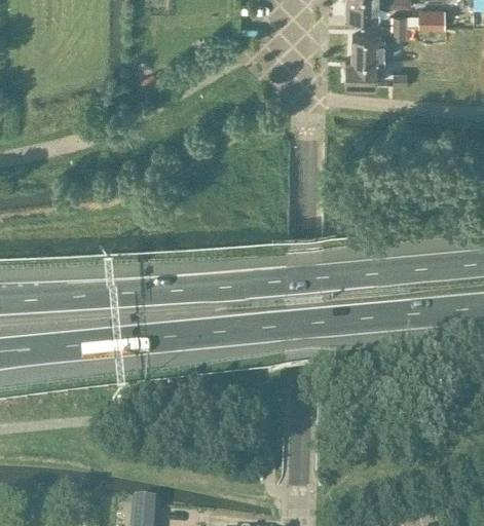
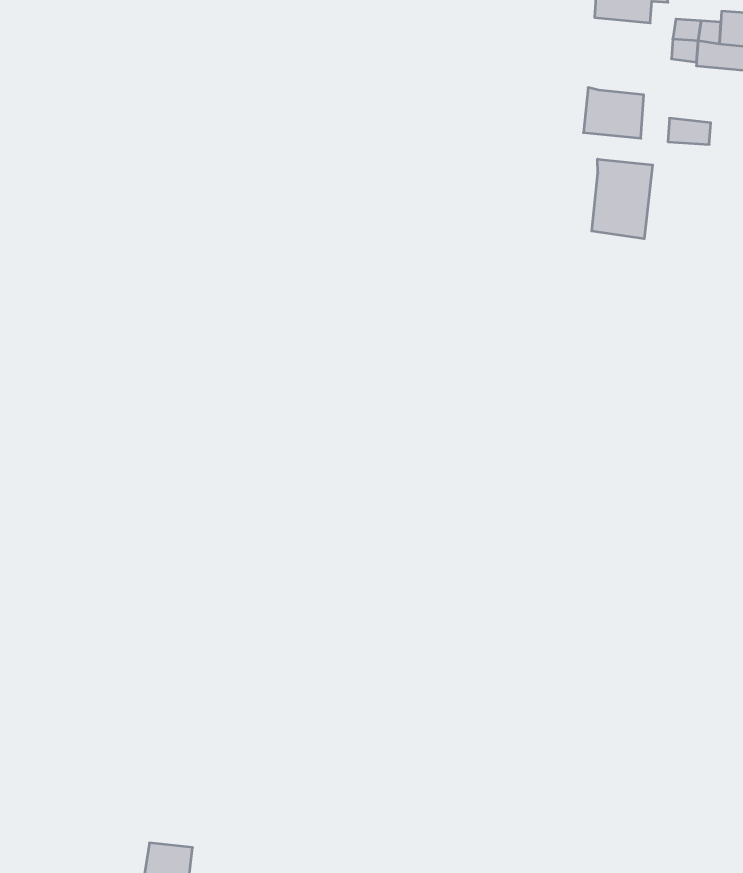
building: [355,32,387,58] -> none
building: none -> [592,159,653,239]

